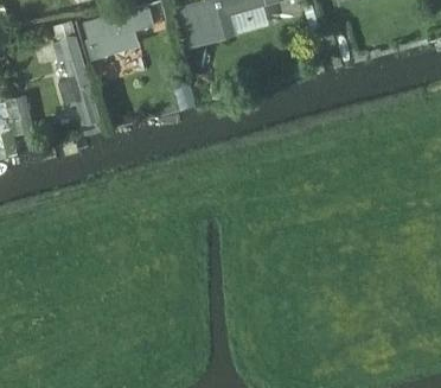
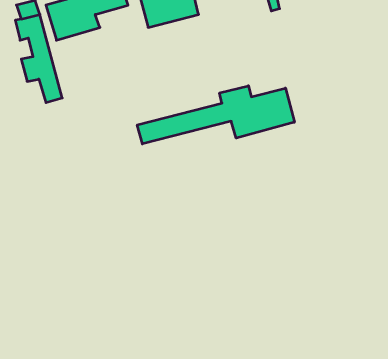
building: none -> [137,86,294,144]

